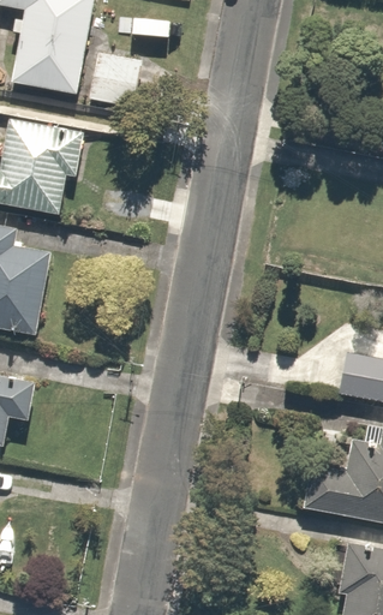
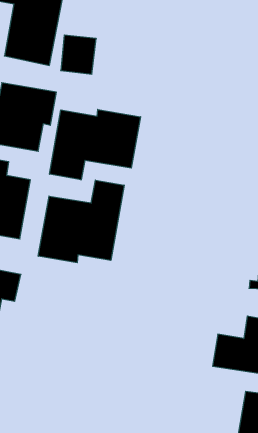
building: none -> [50,109,141,180]
building: none -> [38,180,124,263]

